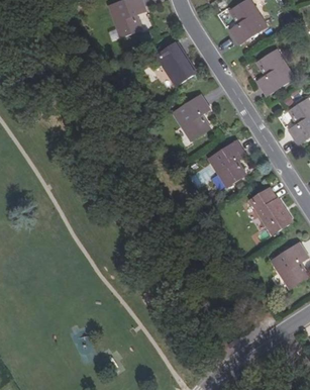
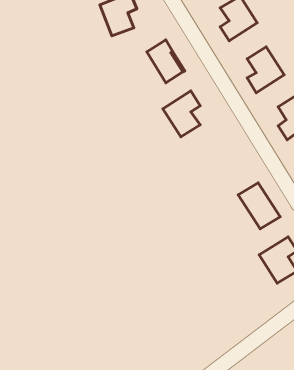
building: [207,141,245,188] -> none

